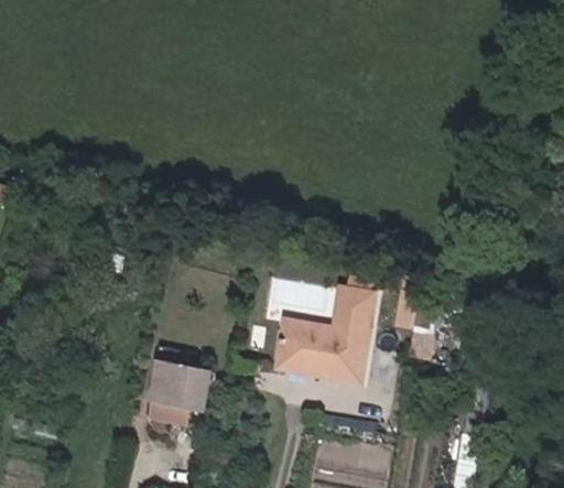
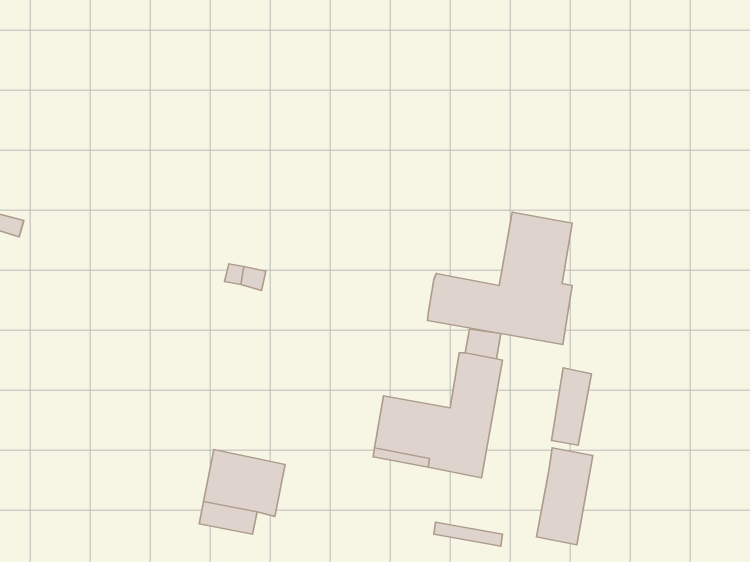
building: none -> [428,212,572,345]
building: none -> [536,448,593,545]

